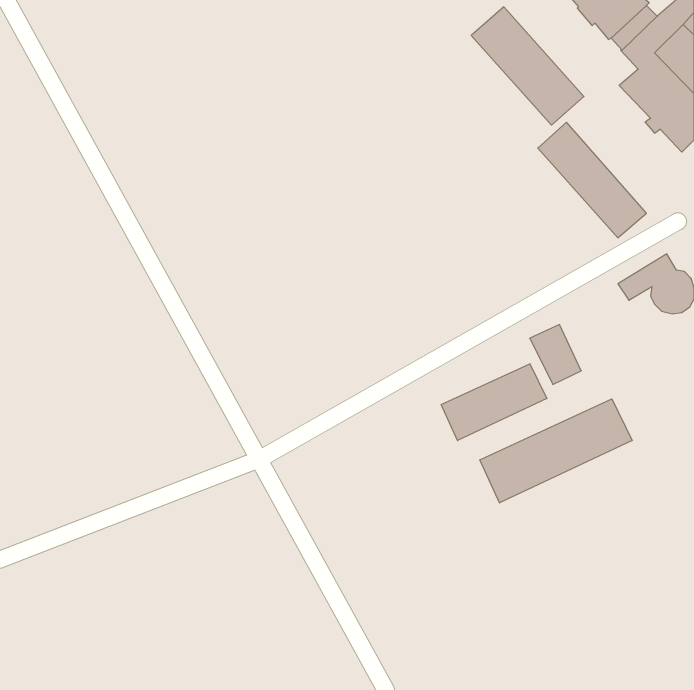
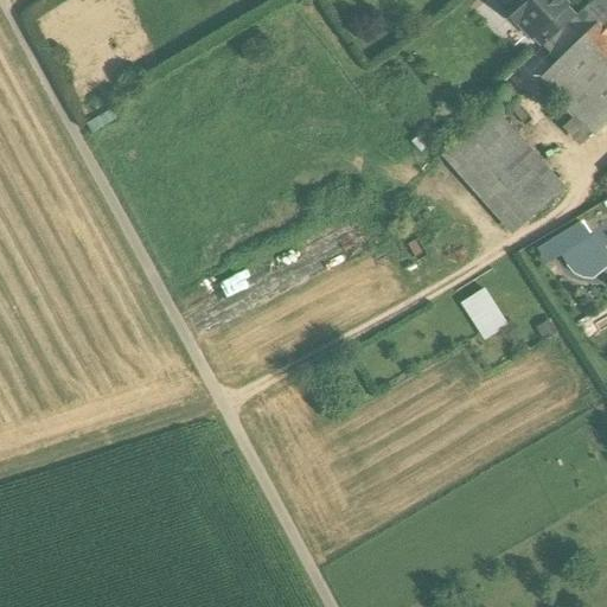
building: [471,7,584,125] -> [441,129,539,232]
building: [441,364,547,441] -> none
building: [480,399,632,503] -> none

